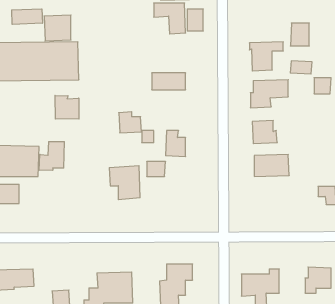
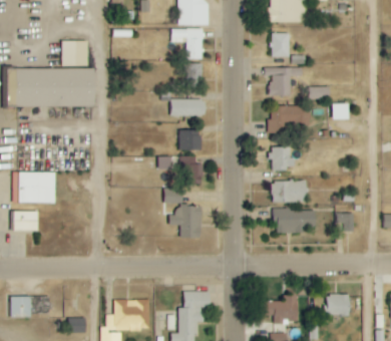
building: [12,9,42,24] -> none
building: [187,9,203,31] -> [186,63,203,85]
building: [290,23,309,46] -> [271,33,290,56]
building: [55,95,79,119] -> none
building: [119,112,142,133] -> [179,129,203,150]
building: [39,142,64,170] -> none
building: [109,166,140,200] -> [171,205,203,239]
building: none -> [275,209,317,233]

